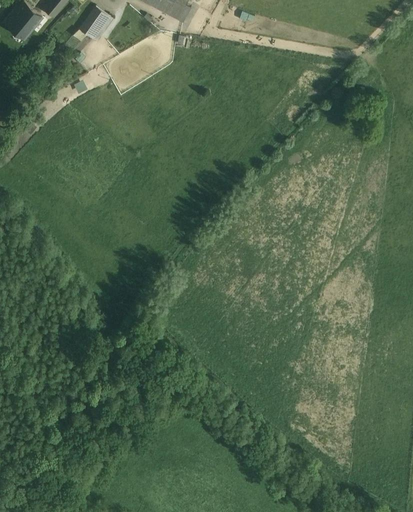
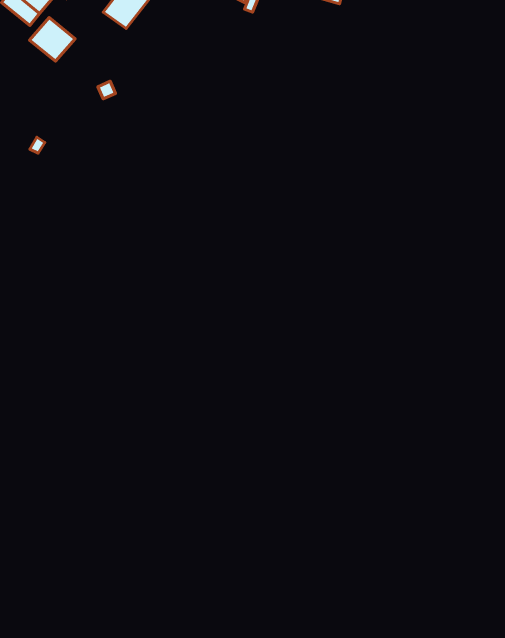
building: none -> [30,18,75,61]

